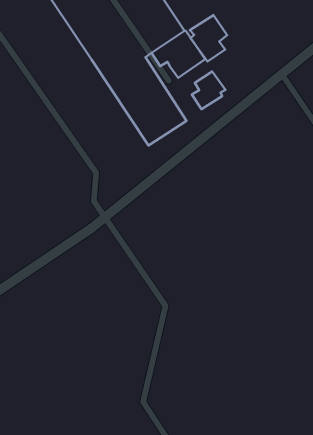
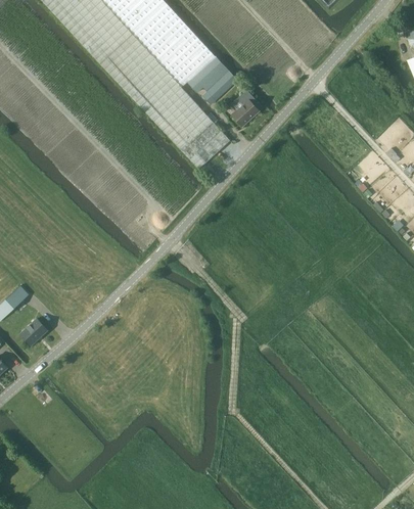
building: [190,15,227,62] -> none

